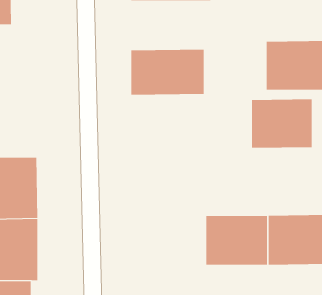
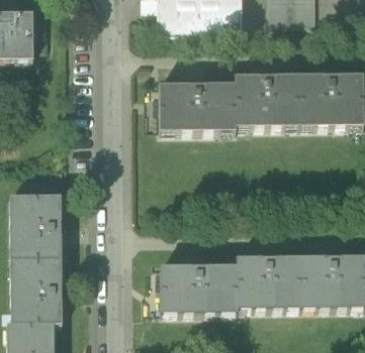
building: [251,99,312,148] -> [235,76,298,127]
building: none -> [160,265,236,313]

